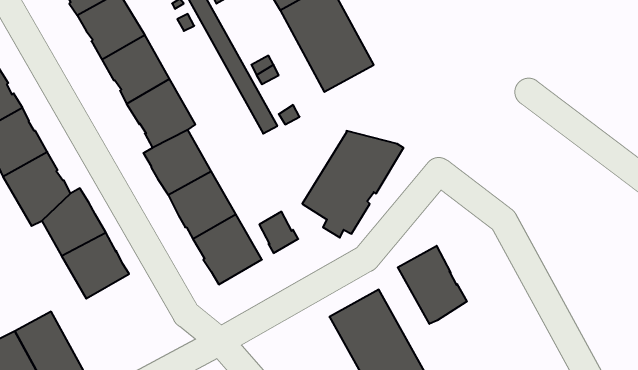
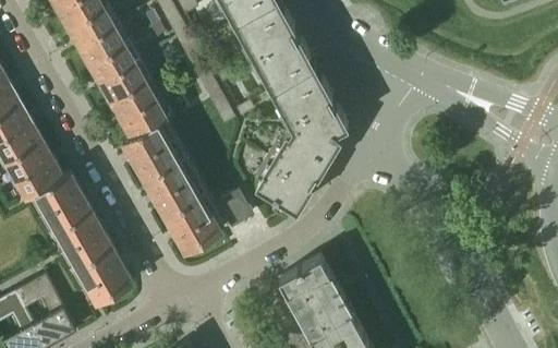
building: none -> [274,68,348,134]
building: [398,246,467,324] -> none
building: none -> [74,243,133,303]

